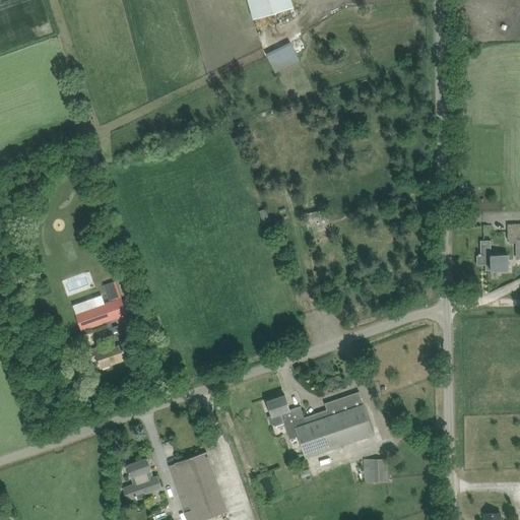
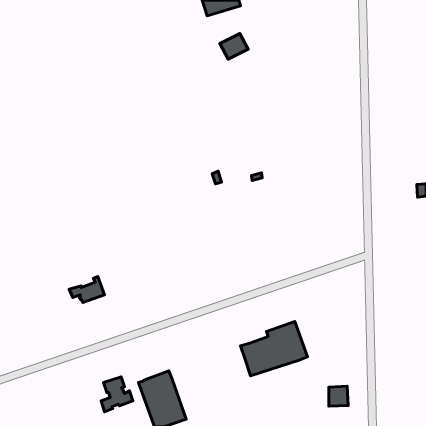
building: [476,241,508,272] -> none
building: [75,281,127,332] -> none
building: [267,396,304,440] -> none
building: [364,459,387,483] -> [329,386,348,406]

